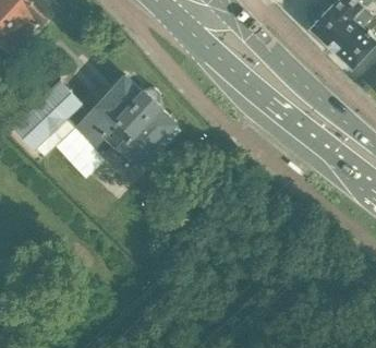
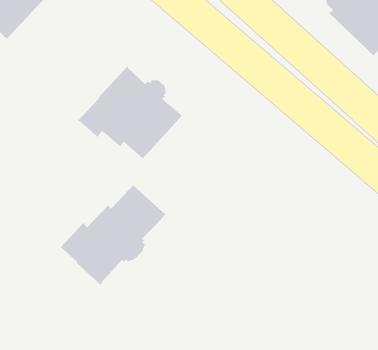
building: [14,81,83,148] -> none
building: none -> [60,185,166,285]

